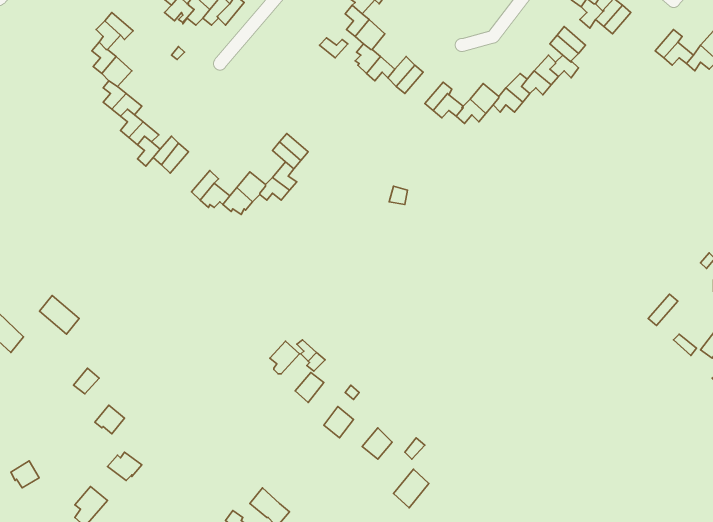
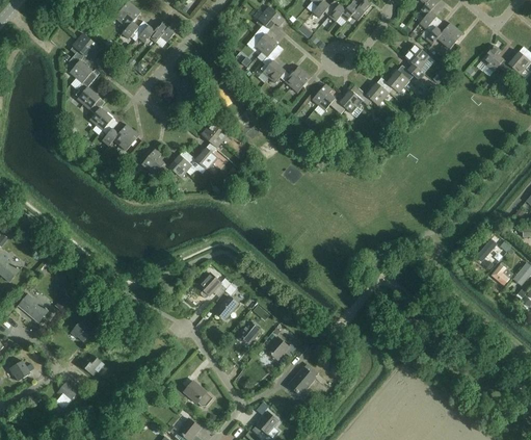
building: [39,296,79,334] -> [19,294,48,322]

